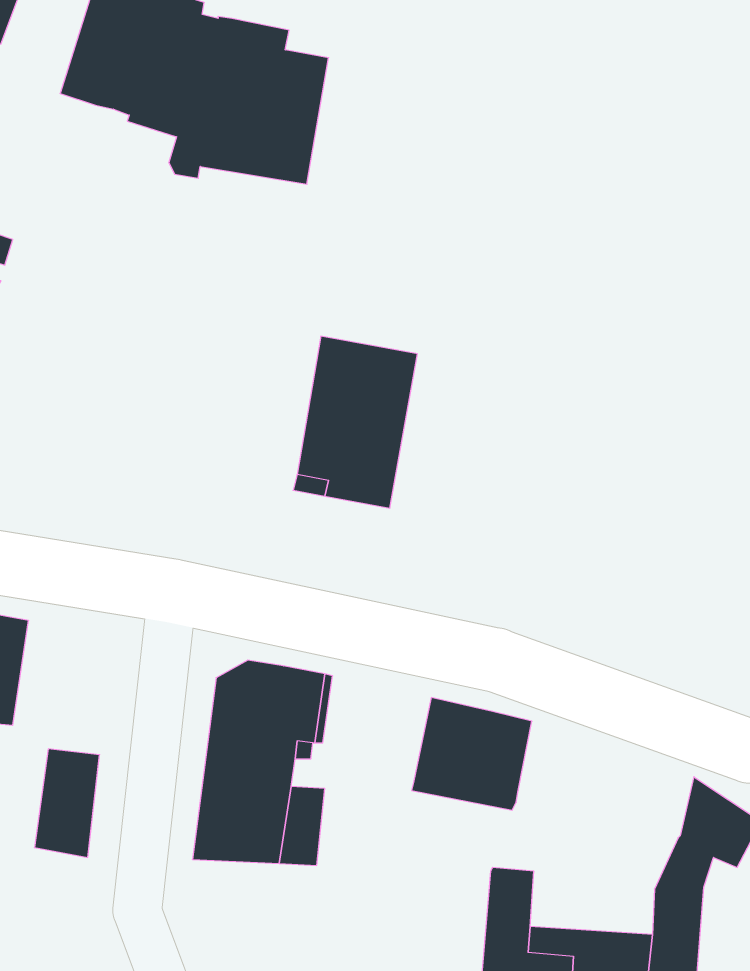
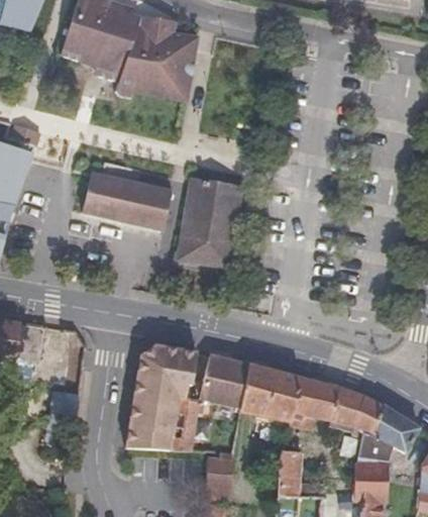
building: none -> [84,174,172,228]
building: none -> [201,355,249,408]
building: none -> [294,377,384,436]
building: none -> [207,452,232,500]

